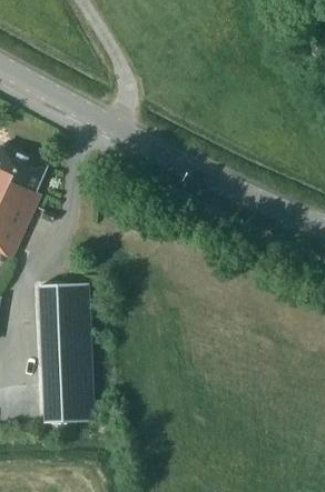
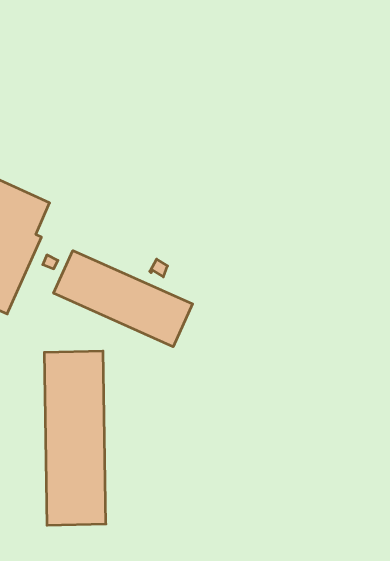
building: none -> [54,251,193,347]

